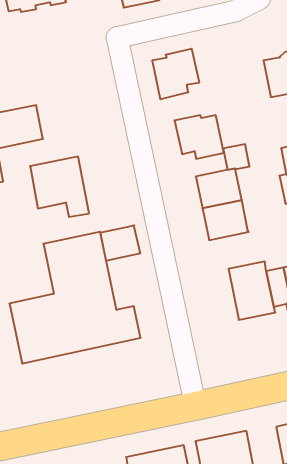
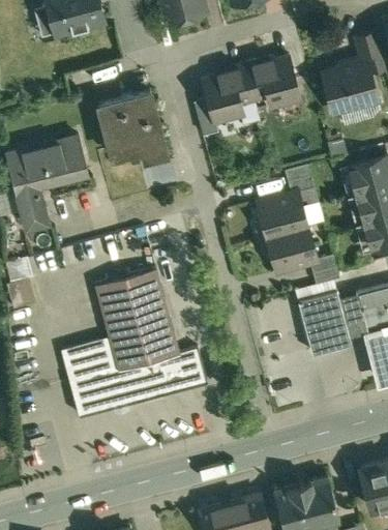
building: [174,115,224,159] -> [244,57,300,106]
building: [30,157,89,217] -> [98,92,166,158]
building: [100,225,140,261] -> none
building: none -> [309,256,339,286]

